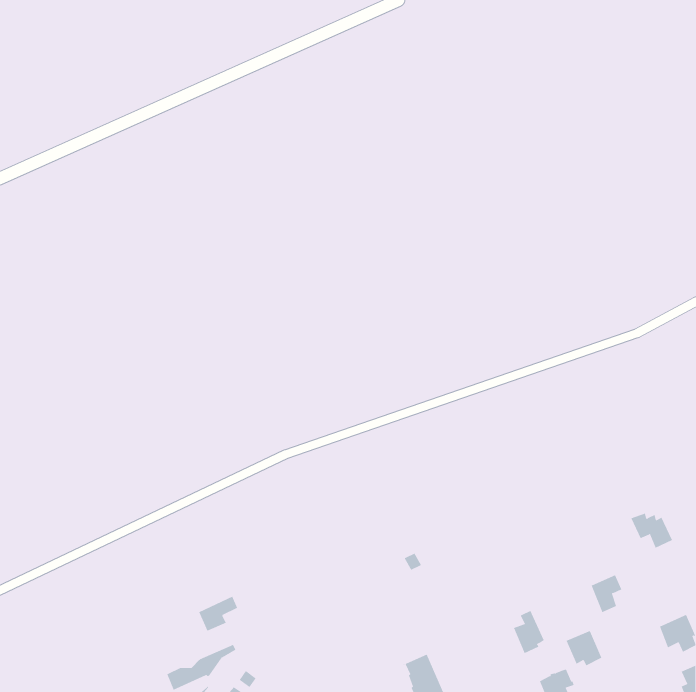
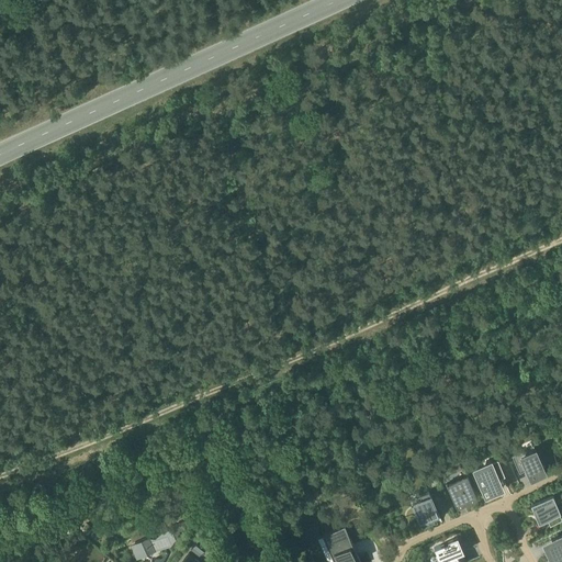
building: [631,513,673,548] -> [510,453,544,482]
building: [198,596,238,632] -> none
building: [565,629,602,666] -> [446,477,475,507]

